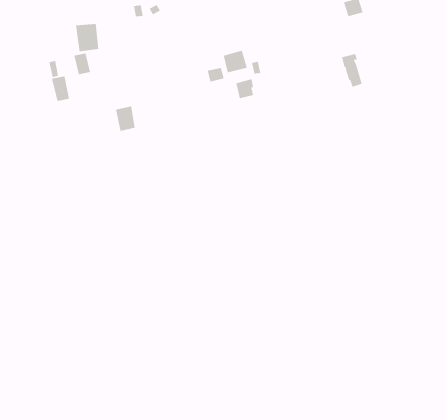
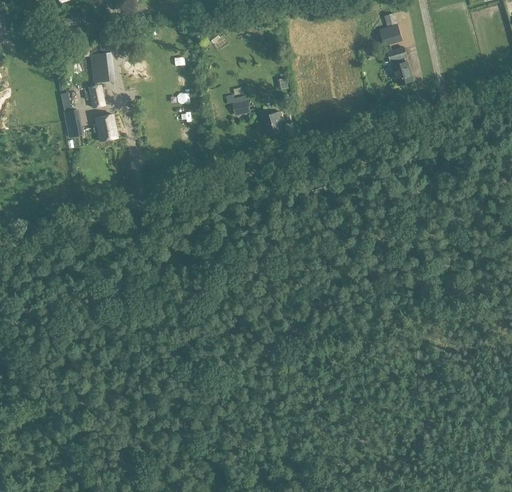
building: [223,50,248,73] -> none
building: [341,54,362,88] -> [388,46,411,83]
building: [115,106,136,132] -> [95,112,117,140]

